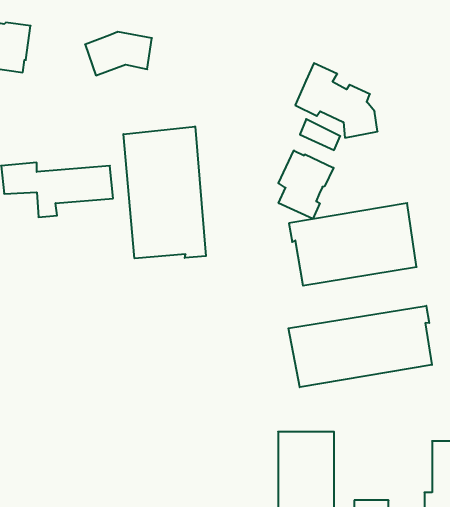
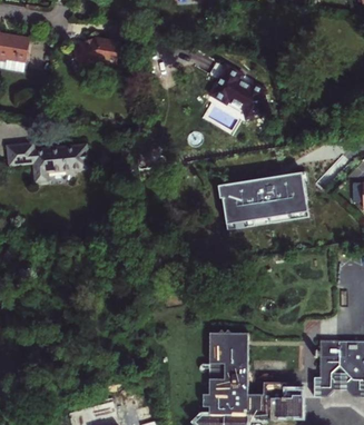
building: [123,126,206,258] -> none
building: [278,150,334,219] -> none
building: [288,306,432,387] -> none

